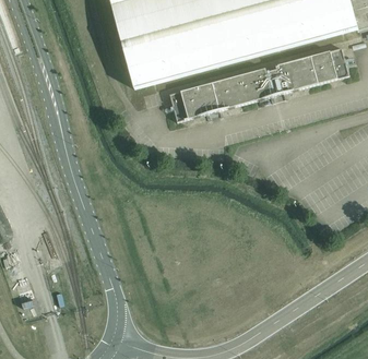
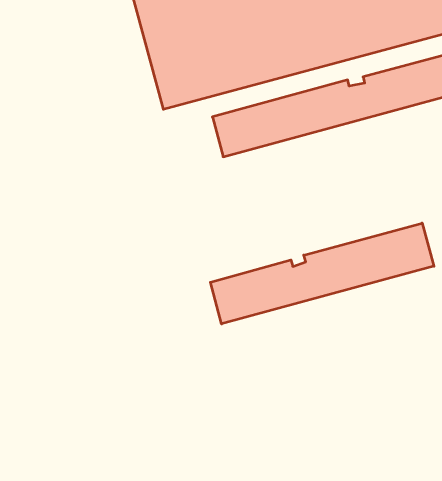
building: none -> [210,223,434,324]

